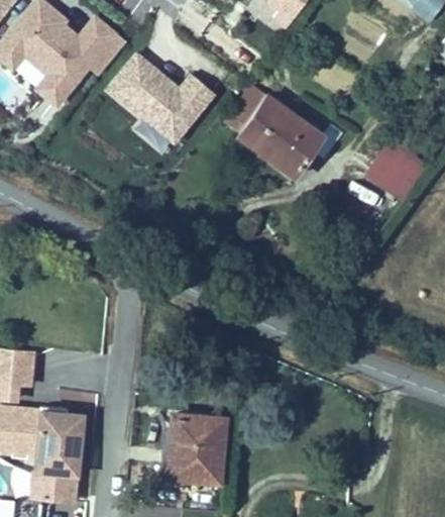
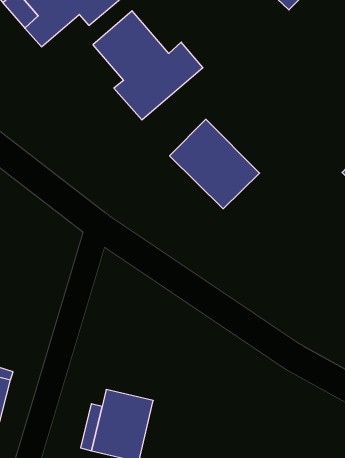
building: [238,91,328,175] -> [170,119,260,209]

